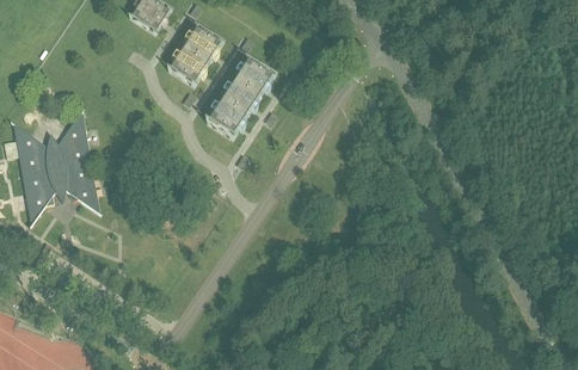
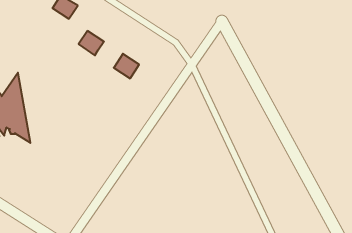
building: [183,29,220,63] -> none
building: [234,62,271,97] -> none
building: [208,101,245,136] -> none

